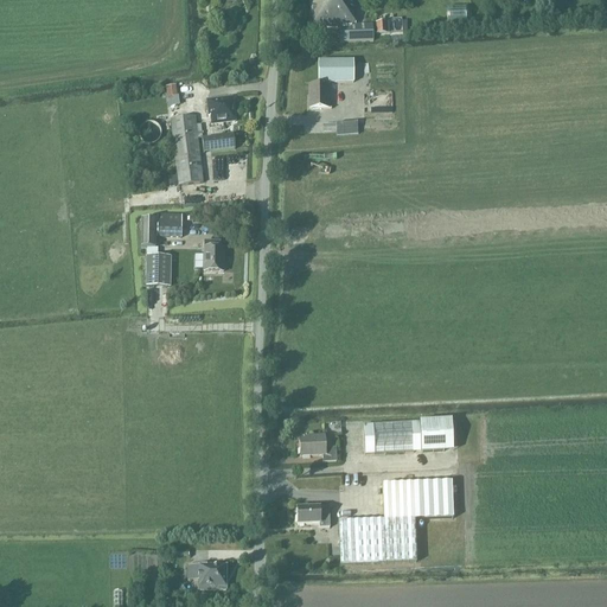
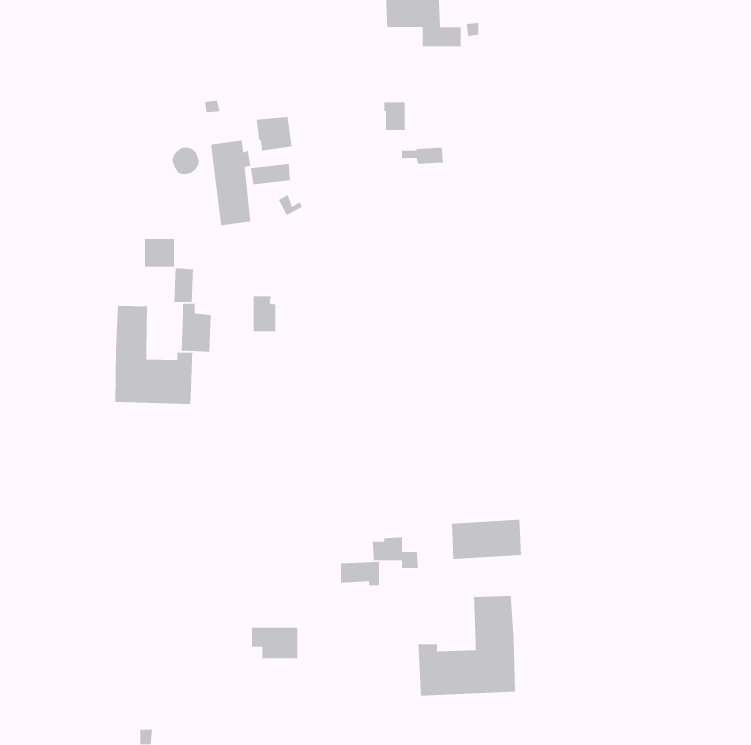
building: [318,57,353,79] -> none
building: [156,211,181,235] -> [144,238,175,267]
building: none -> [114,305,193,405]
building: [420,416,453,448] -> none
building: [413,479,453,516] -> none
building: [298,504,330,524] -> [340,561,380,586]
building: [189,561,226,587] -> [251,627,298,659]

